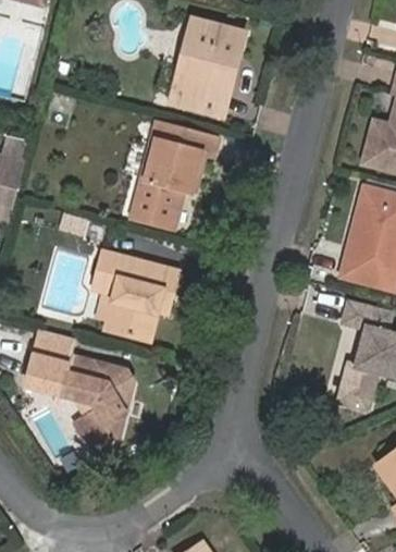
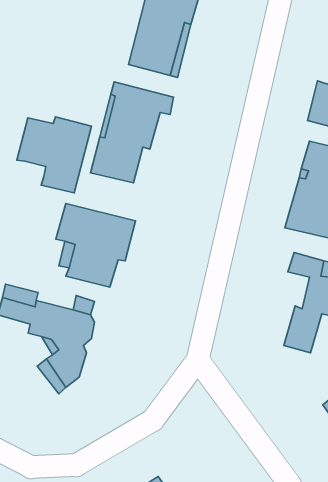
building: none -> [17,117,92,193]

